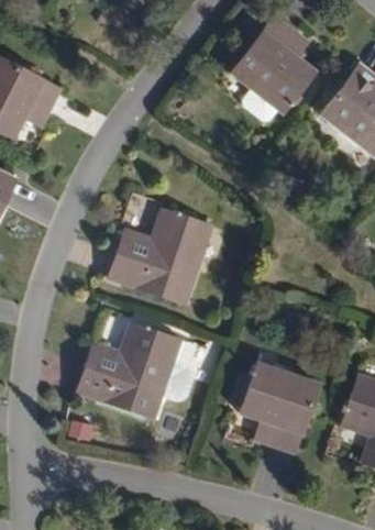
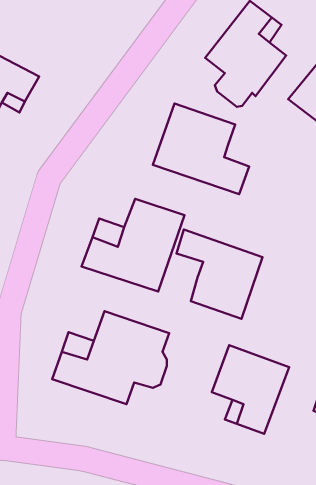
building: none -> [153,104,249,194]
building: none -> [177,229,263,319]

